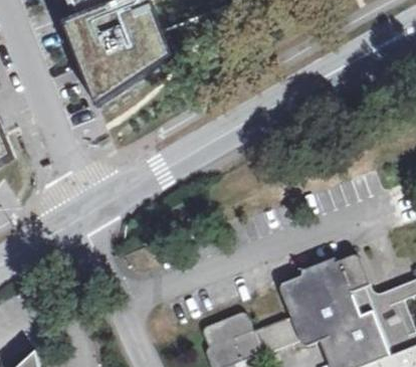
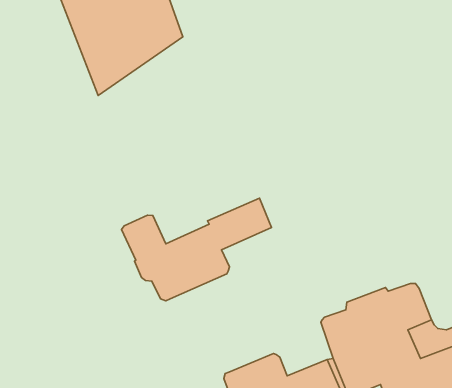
building: none -> [122,198,272,301]

